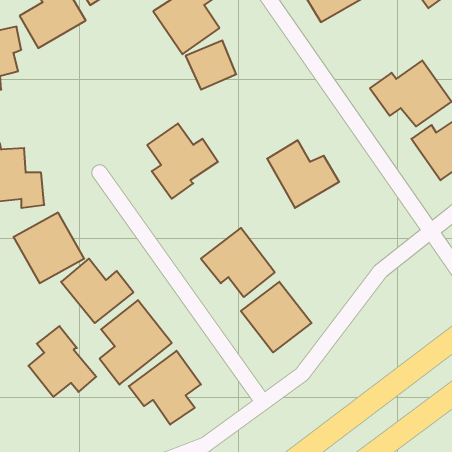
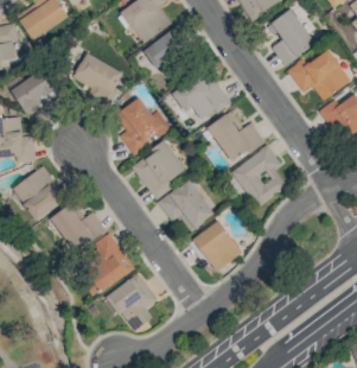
building: none -> [270,8,314,65]
building: none -> [74,53,123,95]
building: none -> [11,69,60,115]
building: none -> [177,70,231,121]
building: none -> [132,141,185,199]
building: none -> [229,145,287,208]
building: [28,326,96,397] -> none

